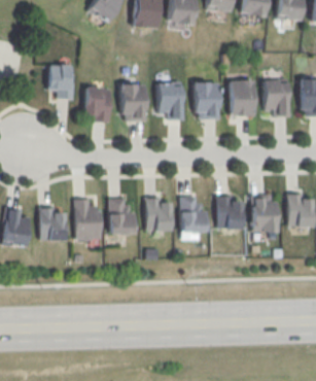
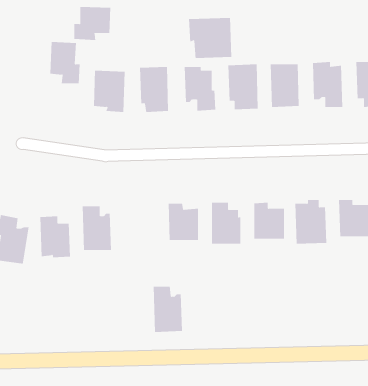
building: none -> [74,6,111,41]
building: none -> [189,17,232,59]
building: [109,198,134,236] -> [153,286,183,332]

